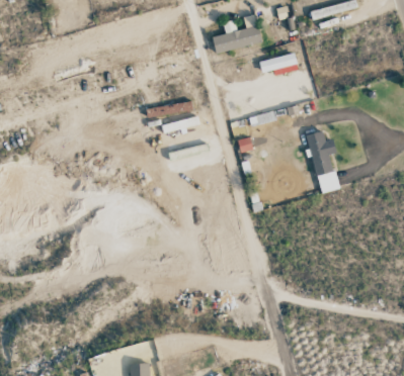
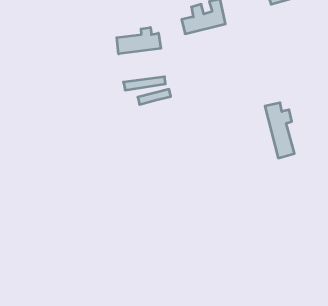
building: none -> [117,27,161,54]
building: [259,53,298,76] -> none

